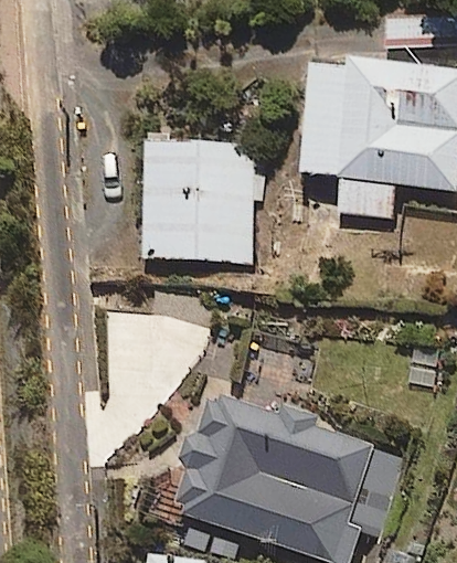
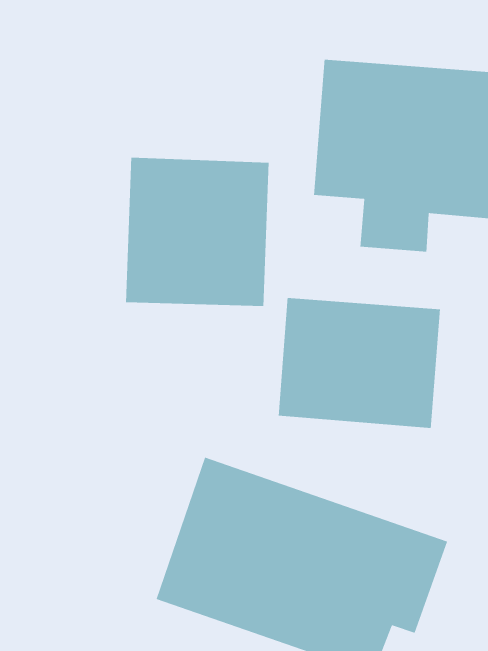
building: none -> [278,297,441,429]

